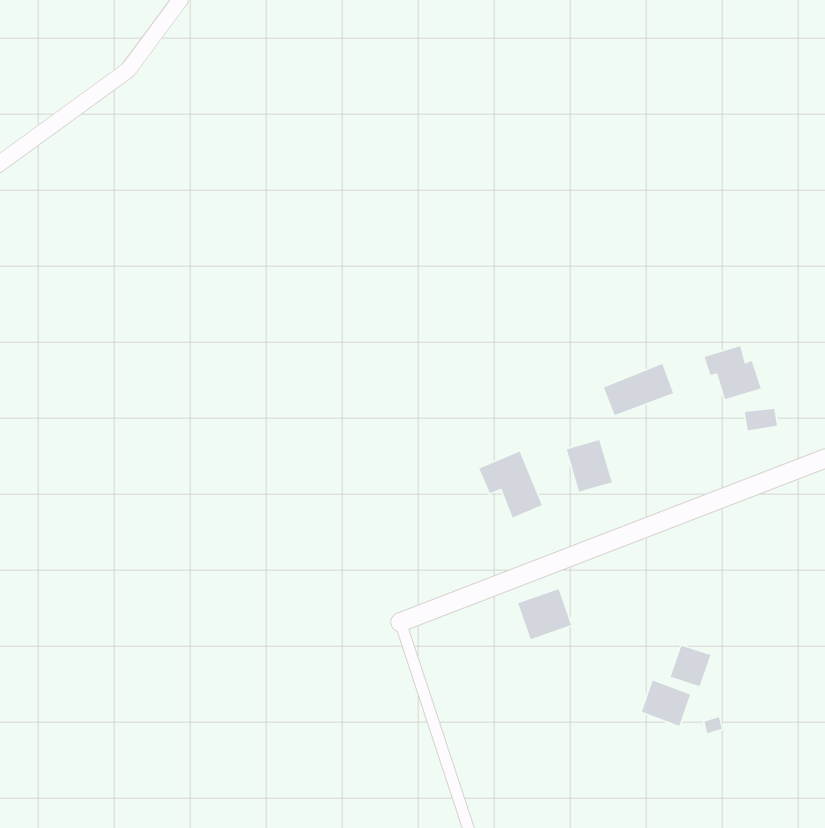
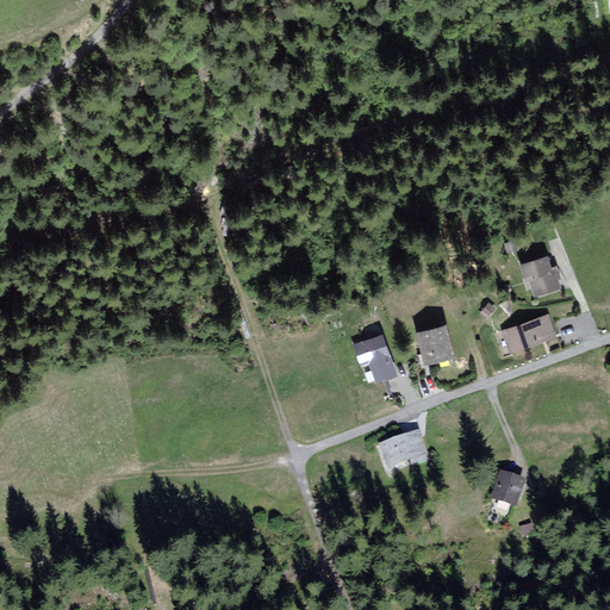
building: [603,363,674,416] -> [502,315,554,354]
building: [641,679,691,727] -> none

